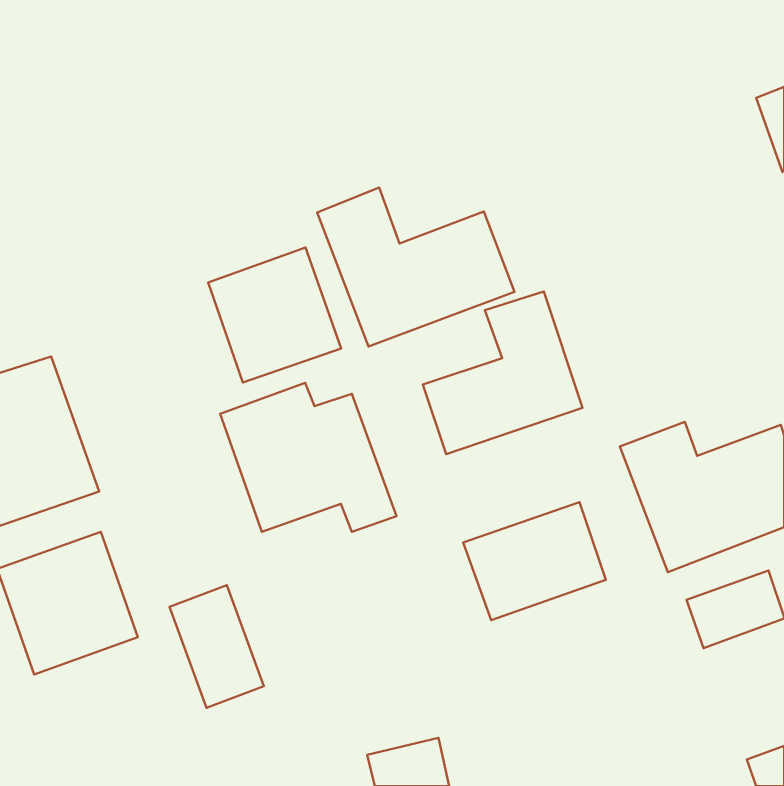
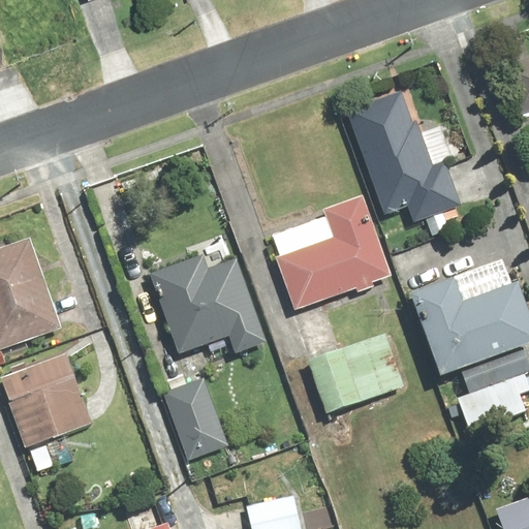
building: none -> [344,89,460,221]
building: [317,187,514,346] -> none
building: [208,248,341,382] -> none
building: [169,585,264,708] -> [166,377,229,459]

